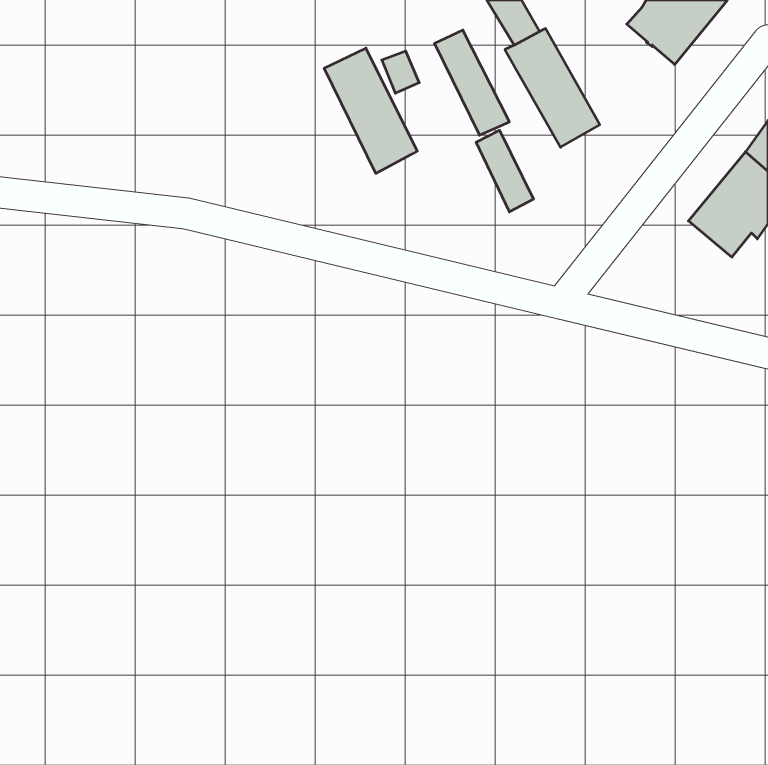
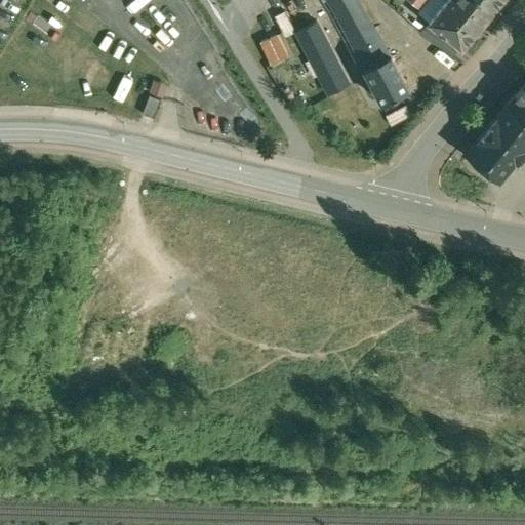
building: [324,48,417,173] -> none
building: [476,130,533,212] -> none

